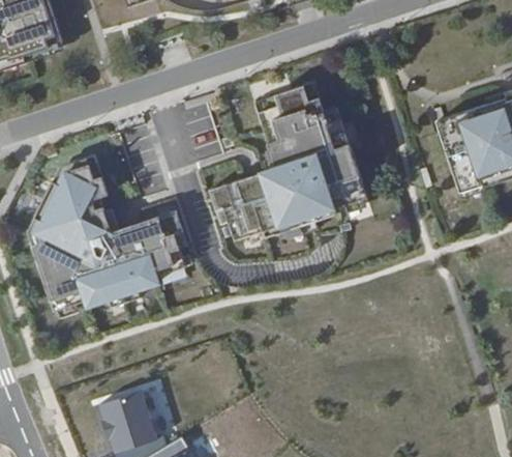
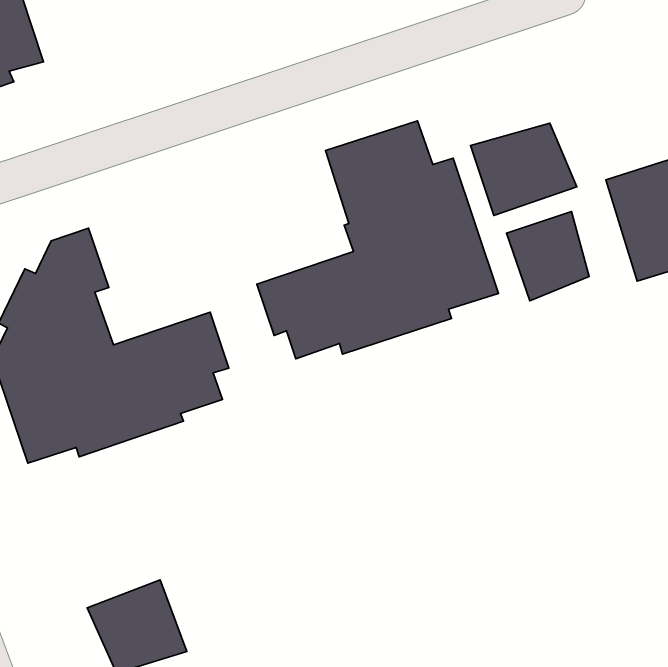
building: none -> [471,123,577,215]
building: none -> [506,212,589,301]

